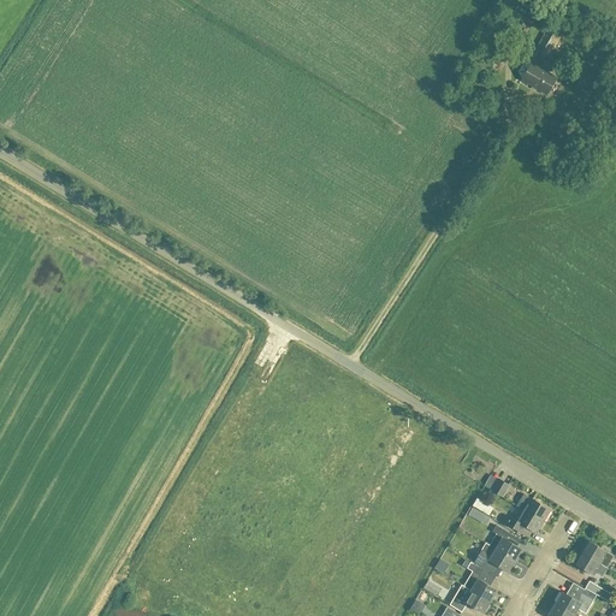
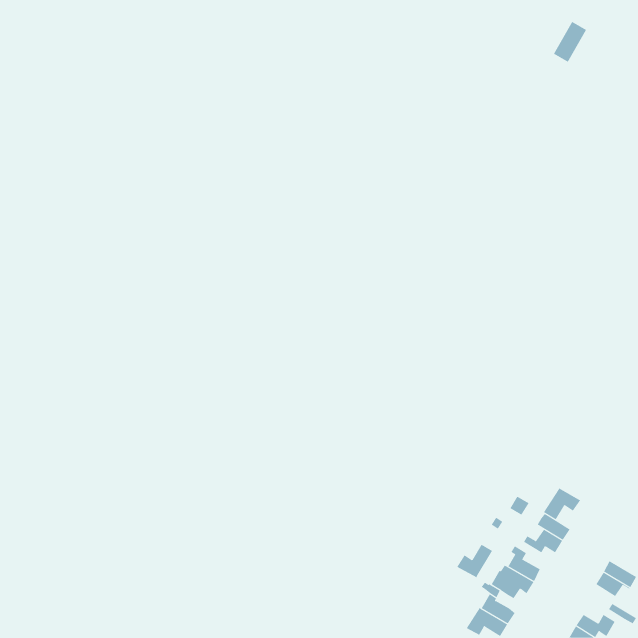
building: [521,63,556,95] -> none
building: none -> [543,487,581,520]
building: none -> [456,544,493,578]

